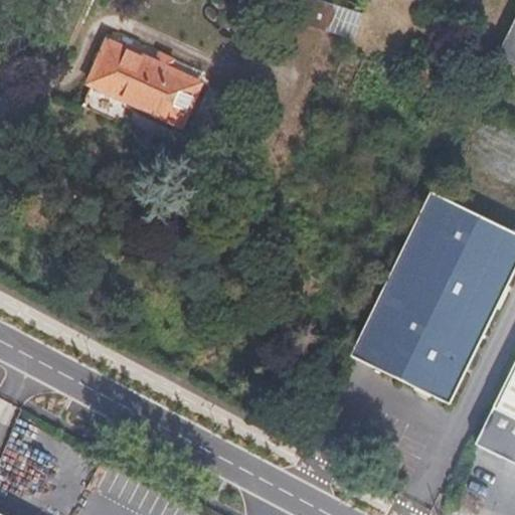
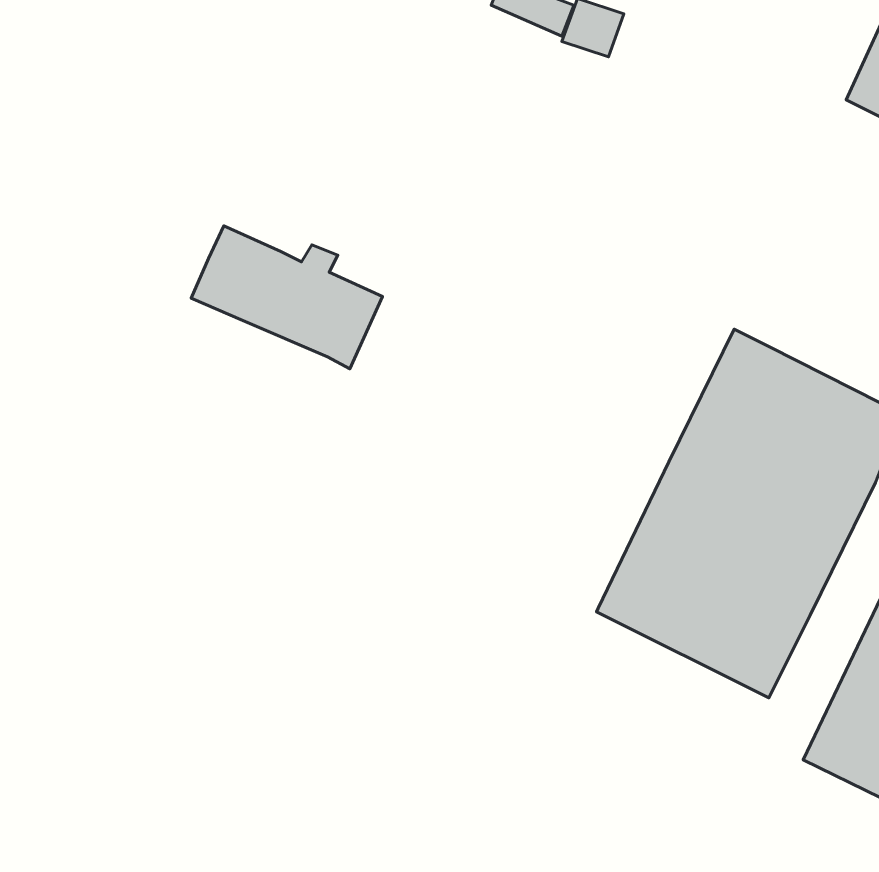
building: [92,38,203,122] -> [191,226,383,369]

